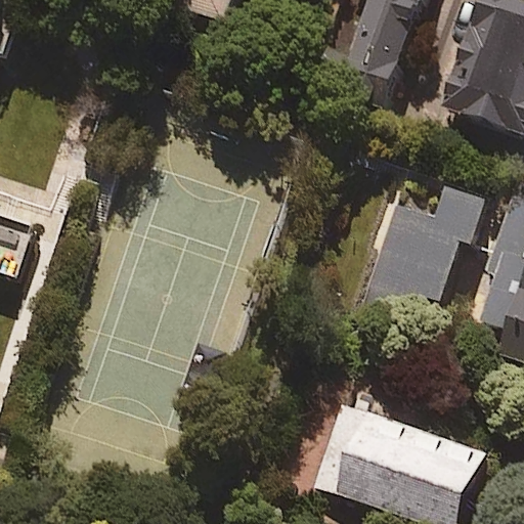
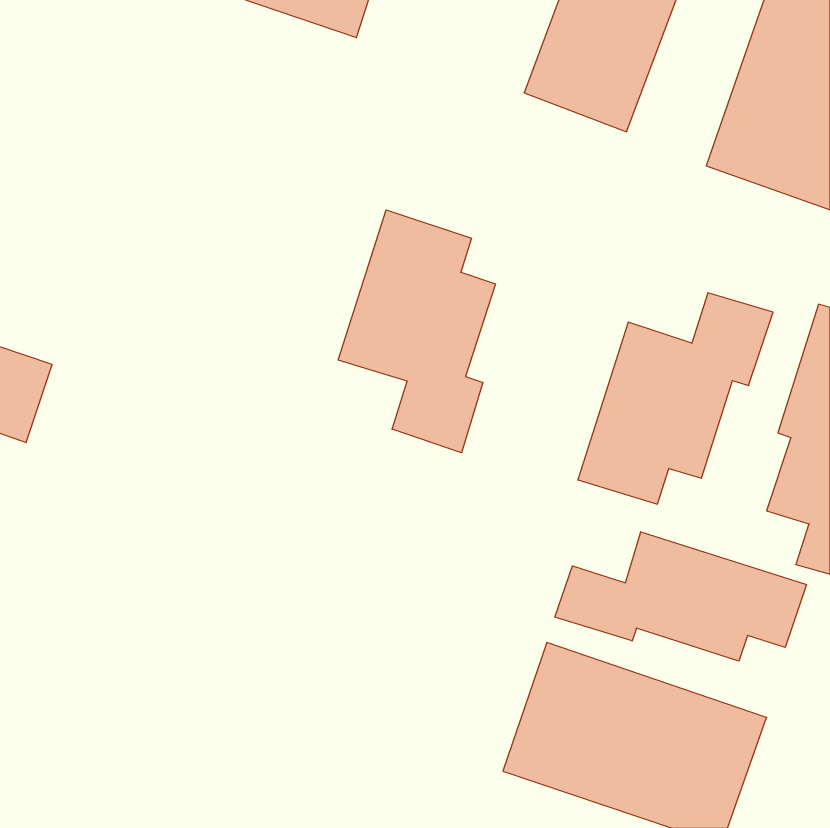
building: none -> [338,210,495,453]
building: none -> [555,532,806,661]

